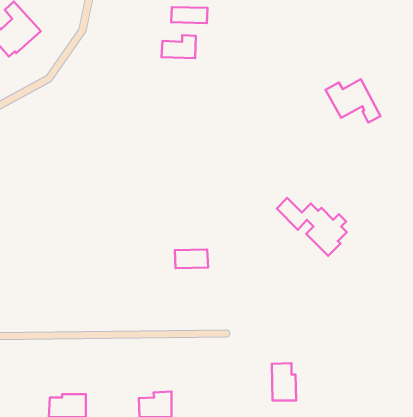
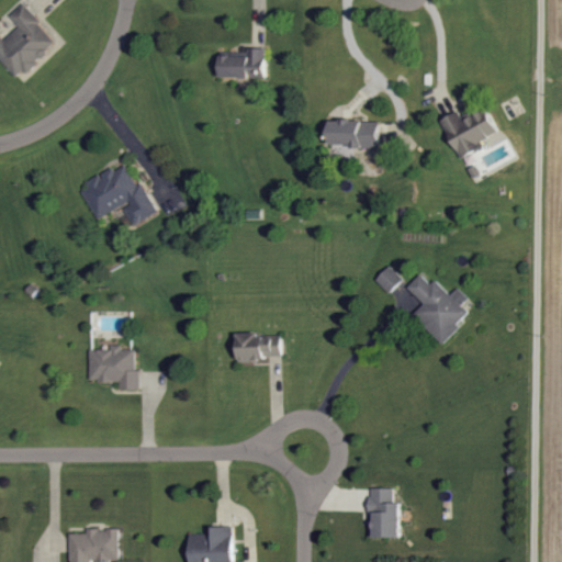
building: [171,7,208,23] -> none
building: none -> [327,120,378,147]
building: none -> [77,164,151,225]
building: none -> [87,345,137,390]

